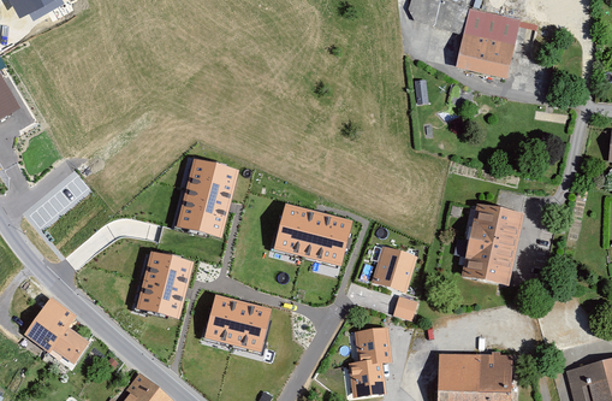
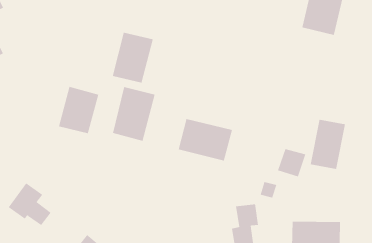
building: none -> [112,32,153,84]
building: [373,248,415,290] -> [277,148,306,177]
building: [133,249,194,319] -> [58,86,99,134]
building: [204,294,271,352] -> none

